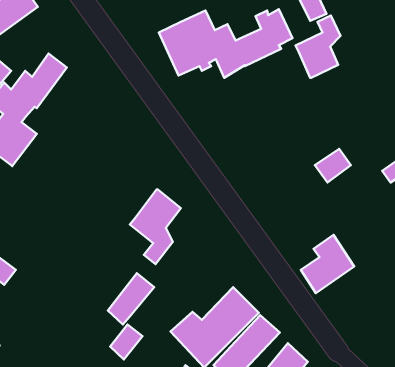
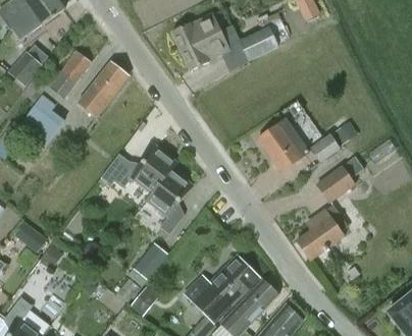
building: [296,15,341,78] -> none
building: none -> [78,62,128,117]
building: none -> [258,118,308,170]
building: none -> [97,146,177,193]
building: none -> [315,156,364,204]

